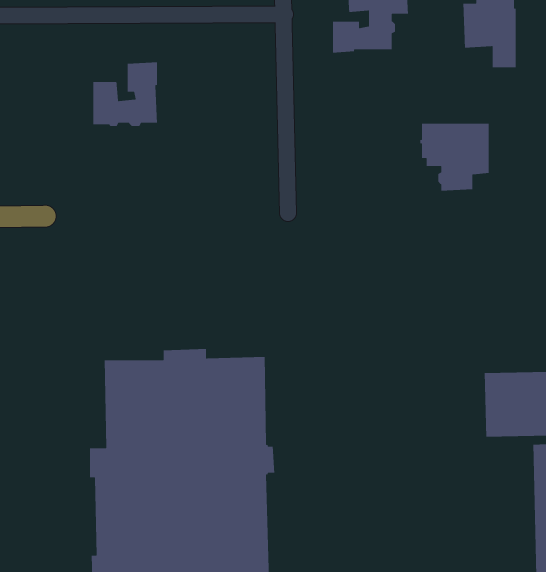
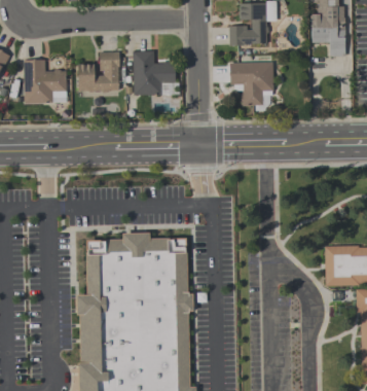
building: none -> [134,51,177,96]
building: none -> [26,60,68,103]
building: [419,123,490,191] -> [230,63,274,106]

